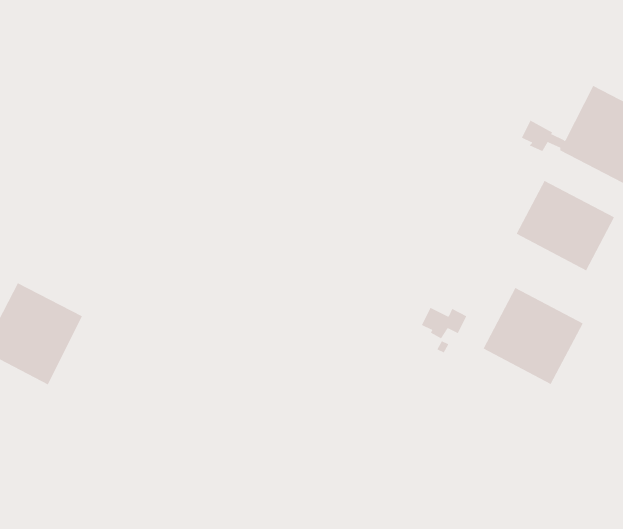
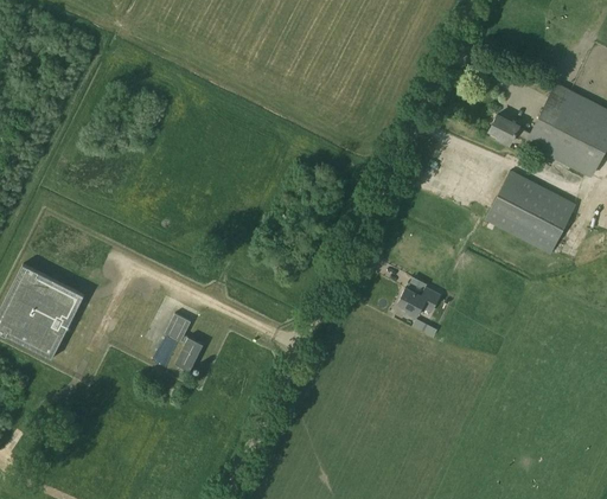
building: [483,287,583,385] -> none
building: none -> [165,313,204,371]

